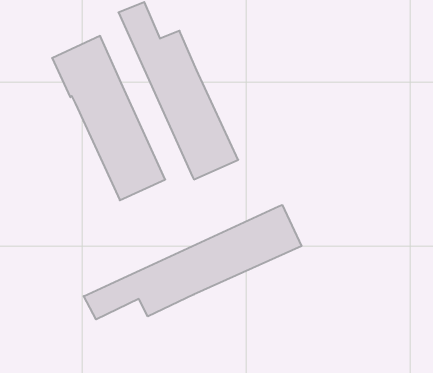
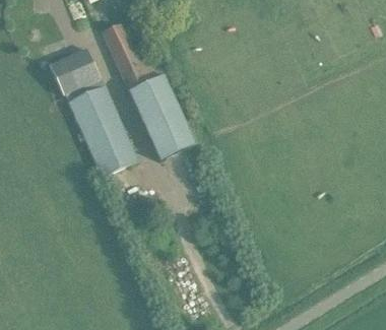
building: [84,205,302,319] -> none

